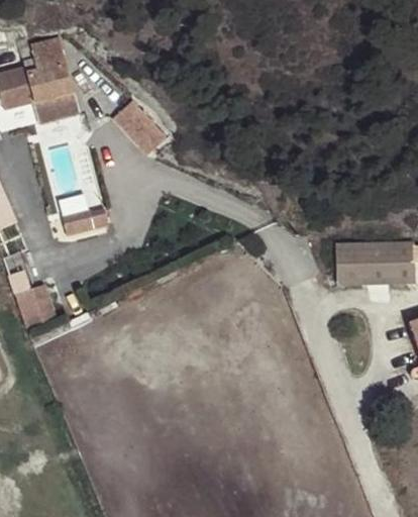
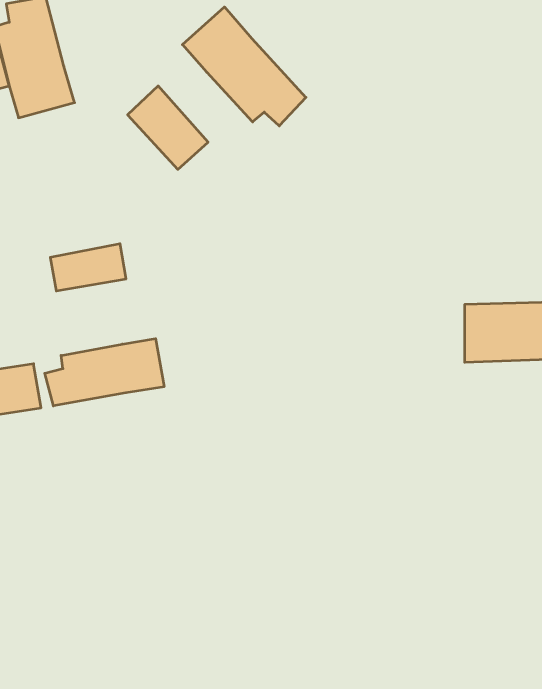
building: none -> [182,7,306,126]
building: none -> [45,339,164,406]

